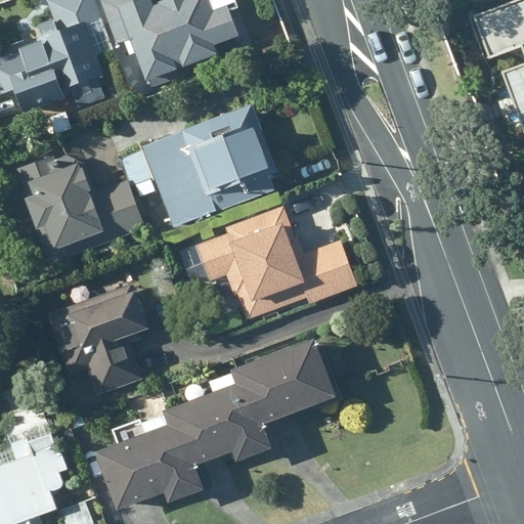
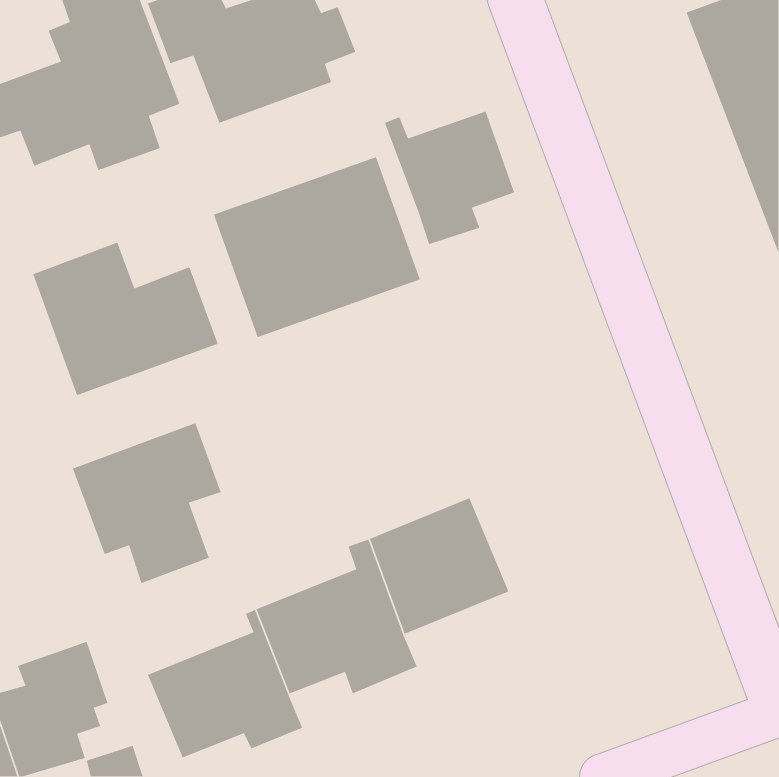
building: none -> [384,110,515,245]
building: [195,208,358,326] -> none

